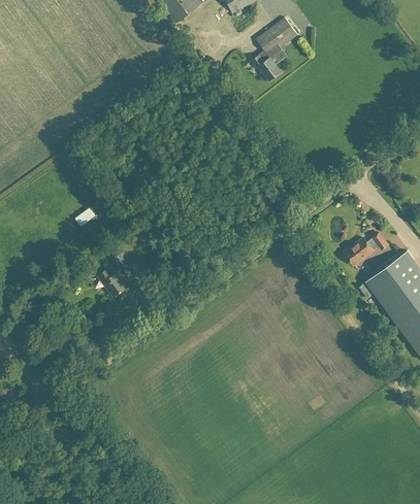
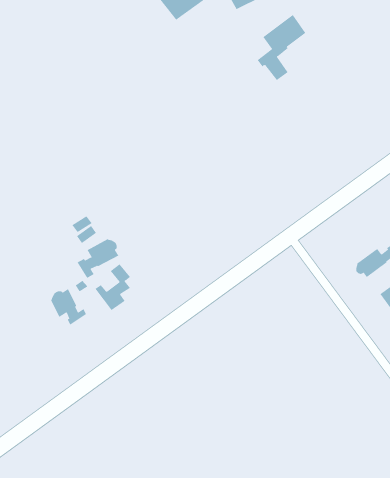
building: none -> [77,238,119,279]
building: none -> [51,288,87,325]

